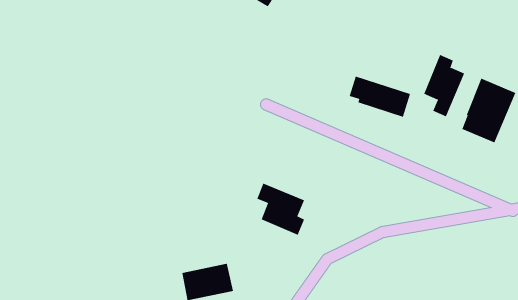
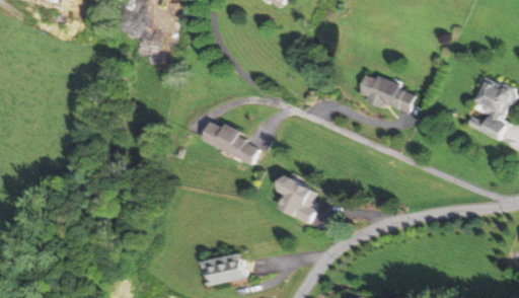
building: [423,54,465,117] -> none
building: none -> [199,120,263,164]

